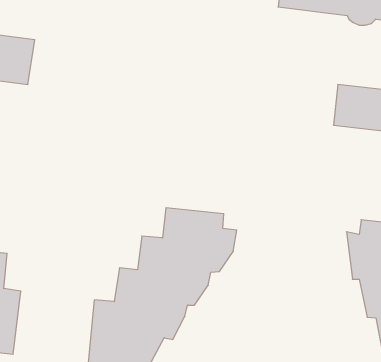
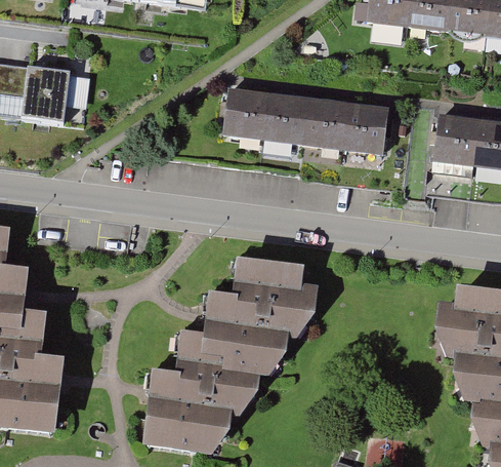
building: none -> [217,91,386,158]

